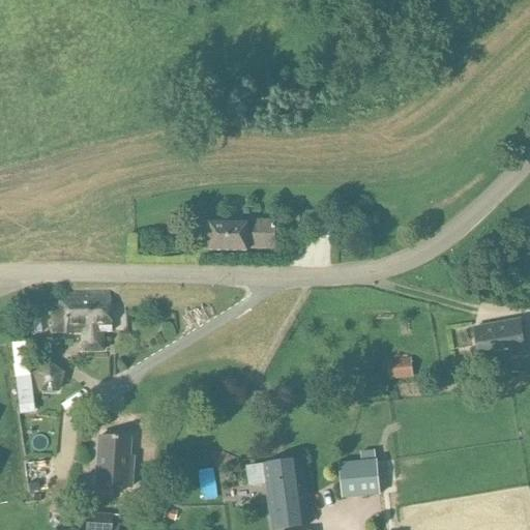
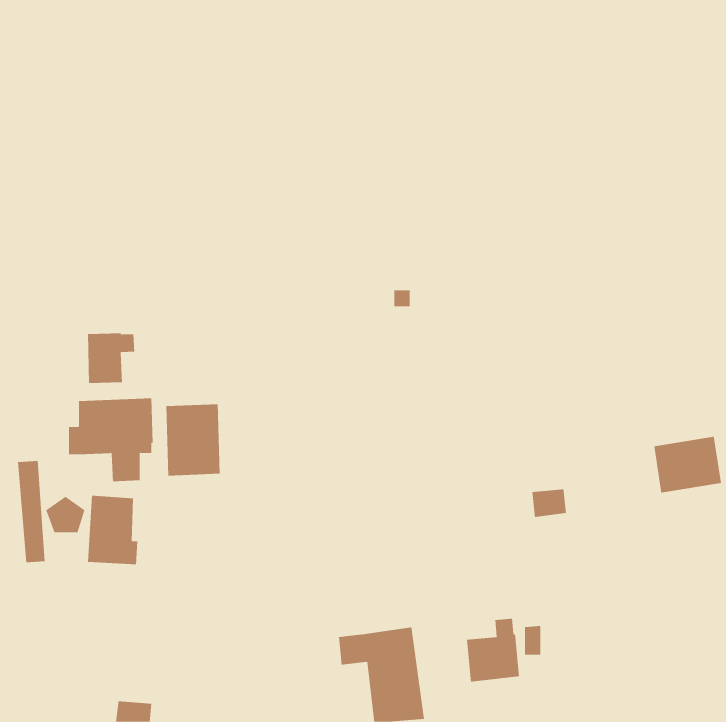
building: [206,217,273,249] -> none
building: none -> [87,333,135,384]
building: none -> [166,403,220,477]
building: [95,435,132,485] -> [87,495,138,565]

